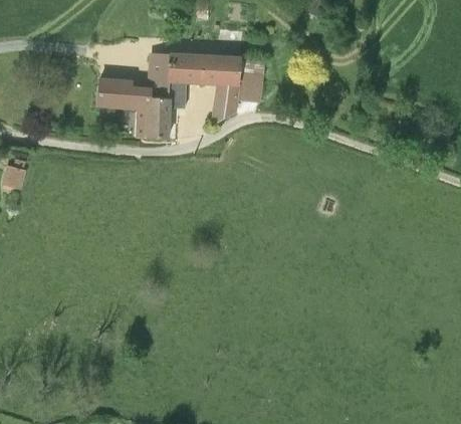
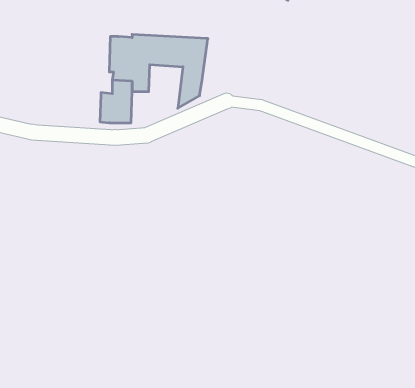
building: [236,56,262,100] -> none
building: [95,79,151,111] -> none

